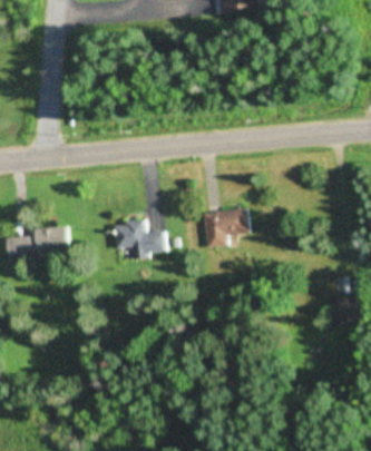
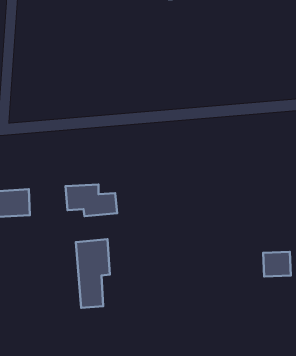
building: [205,206,252,246] -> none
building: none -> [76,239,110,308]

